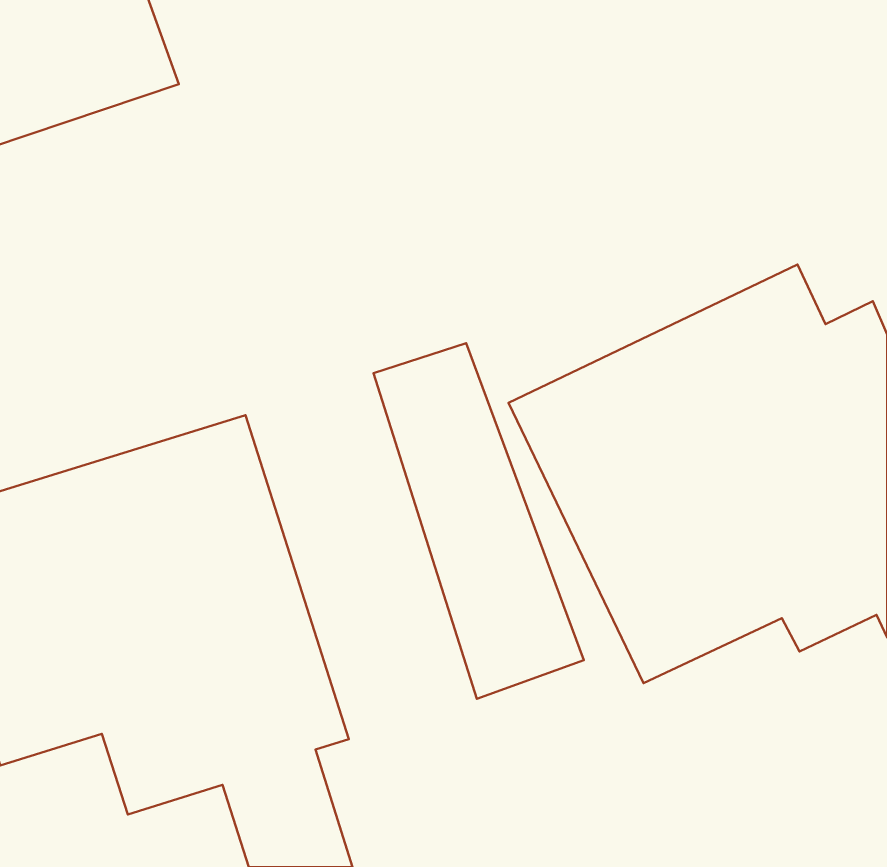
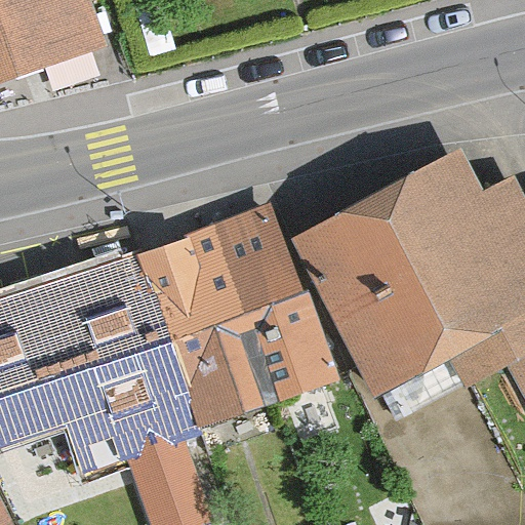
building: none -> [144,218,279,433]

